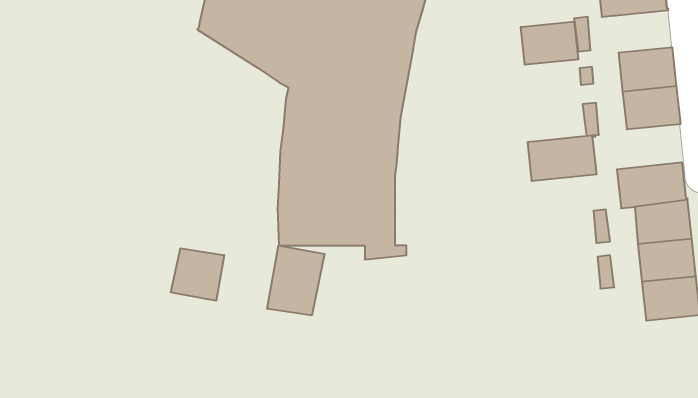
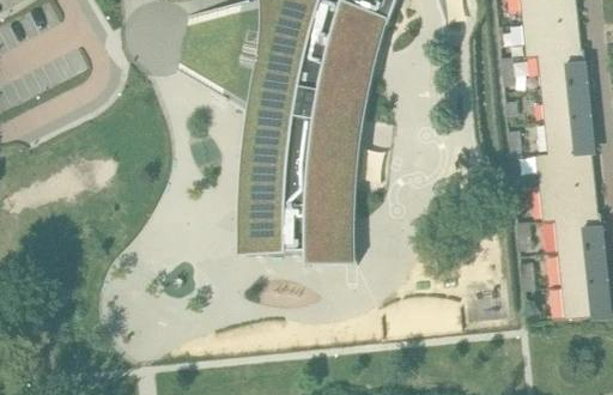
building: [520,22,579,65] -> [538,49,588,86]
building: [528,135,597,181] -> [536,147,596,187]
building: [267,246,324,315] -> none
building: [171,248,224,301] -> none

